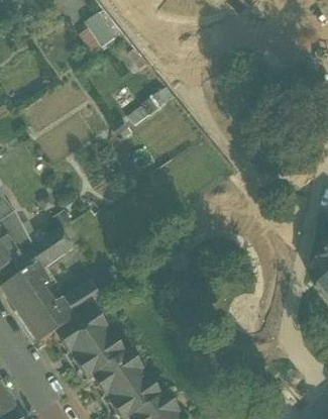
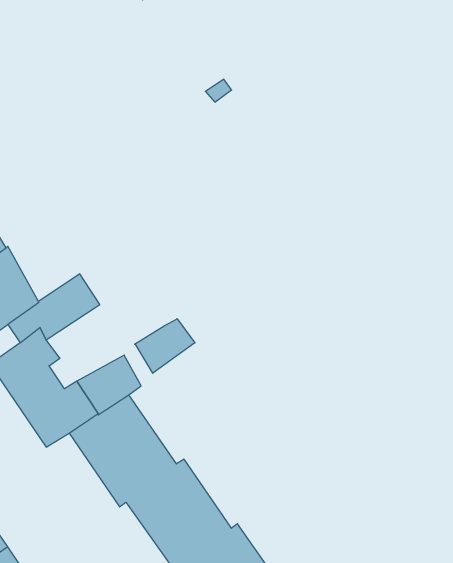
building: none -> [135,319,195,373]

